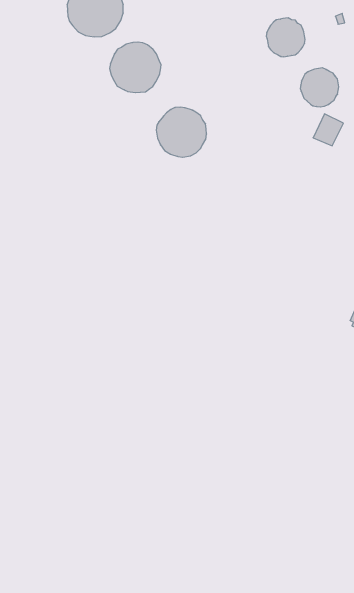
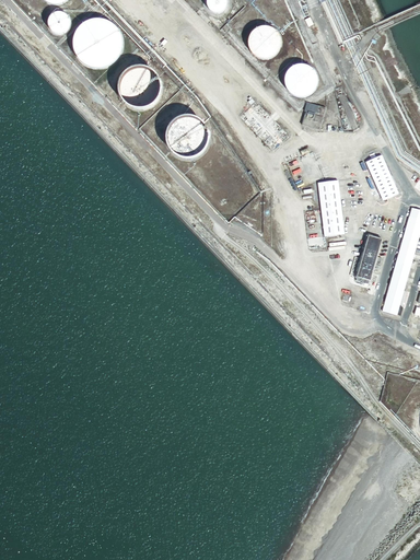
building: none -> [317,179,343,235]

